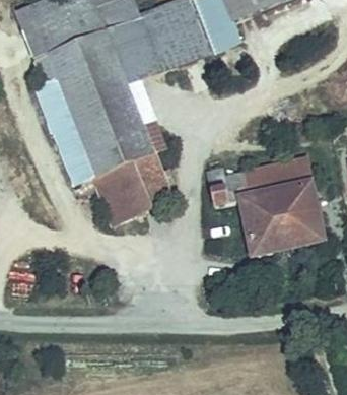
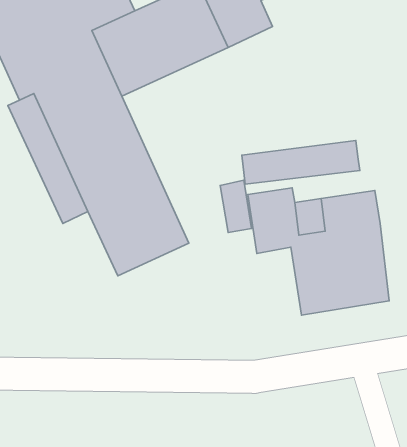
building: none -> [242,140,360,184]

